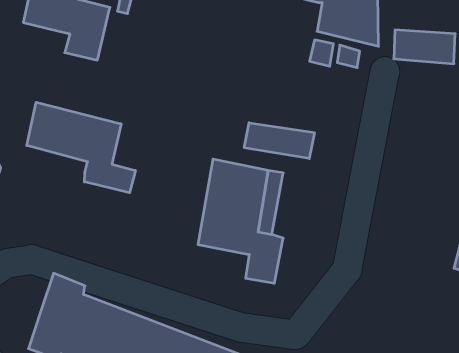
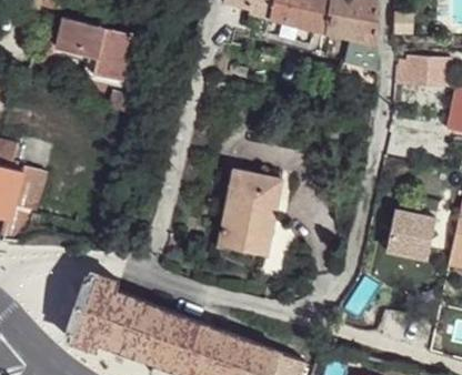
building: [27,102,135,193] -> none
building: [244,123,314,159] -> none
building: none -> [384,212,433,261]

